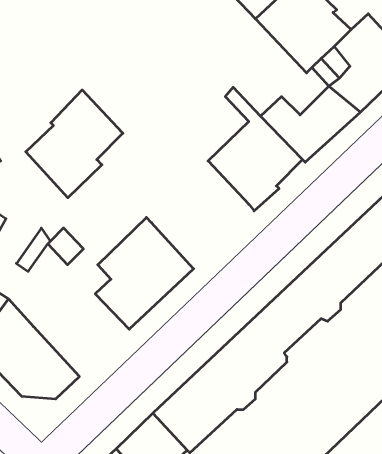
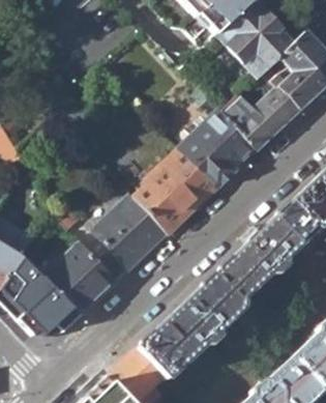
building: [26,90,123,198] -> [136,149,212,234]
building: none -> [42,242,118,319]

